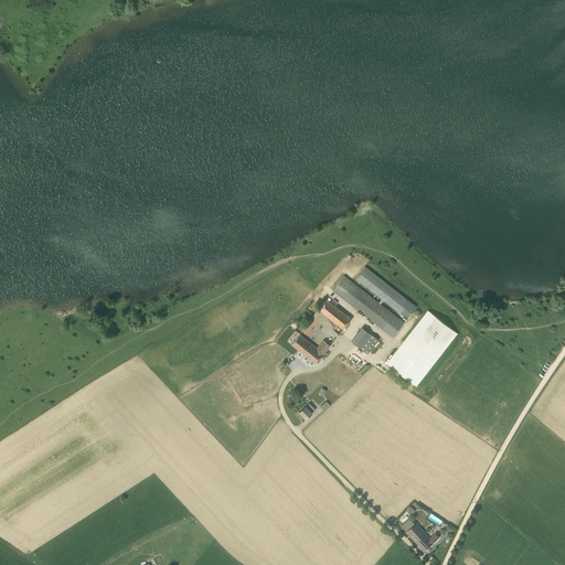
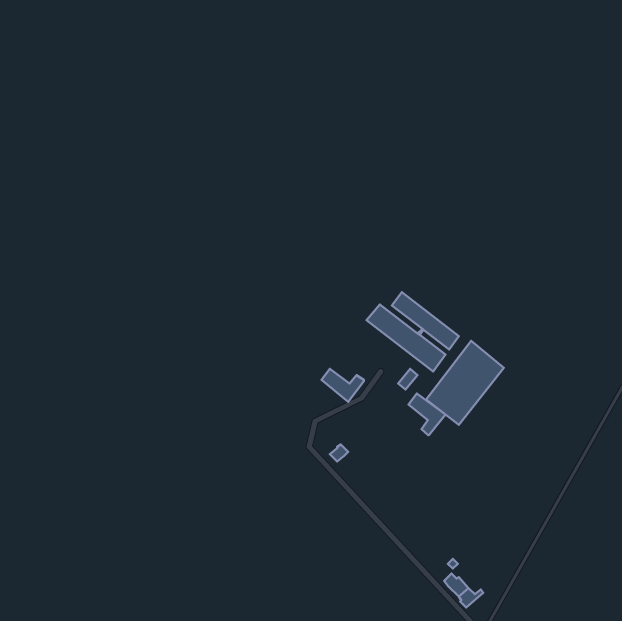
building: [302,300,352,335] -> none
building: none -> [408,393,445,435]

